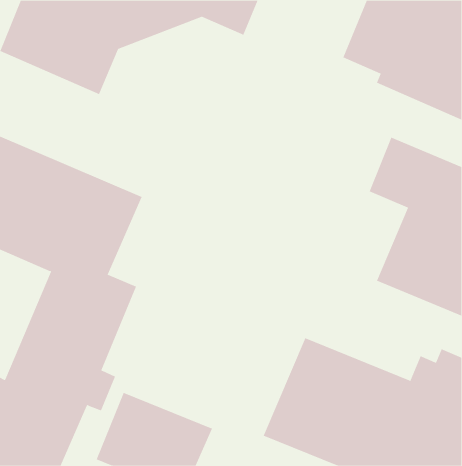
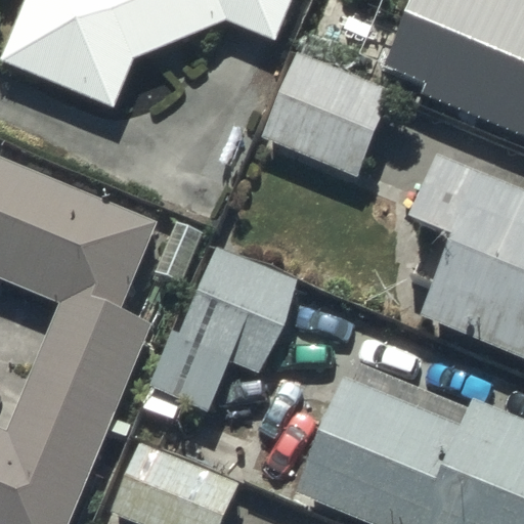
building: none -> [263,50,390,172]
building: none -> [143,247,298,416]

